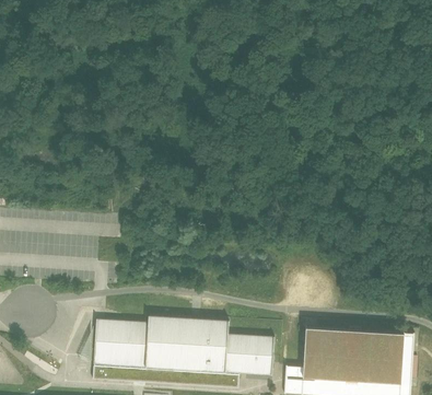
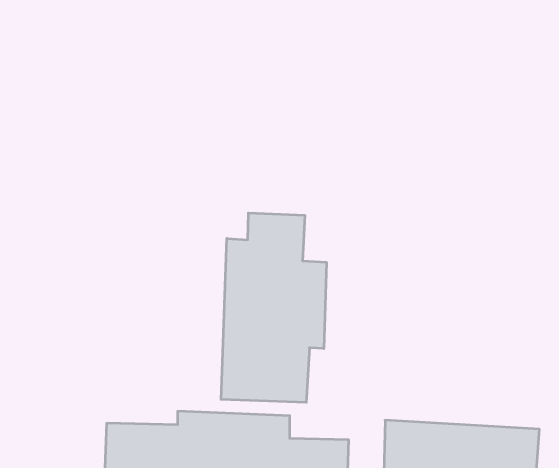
building: none -> [221,213,326,402]

